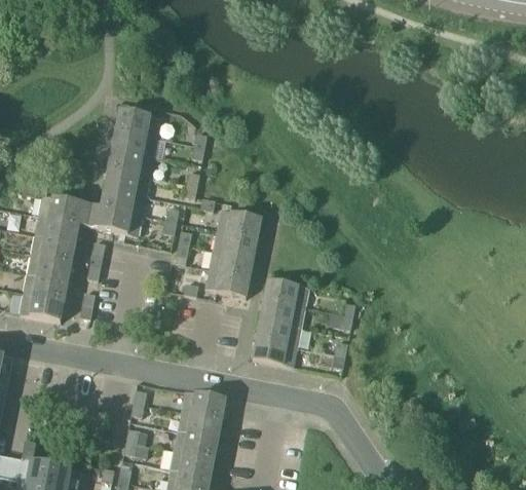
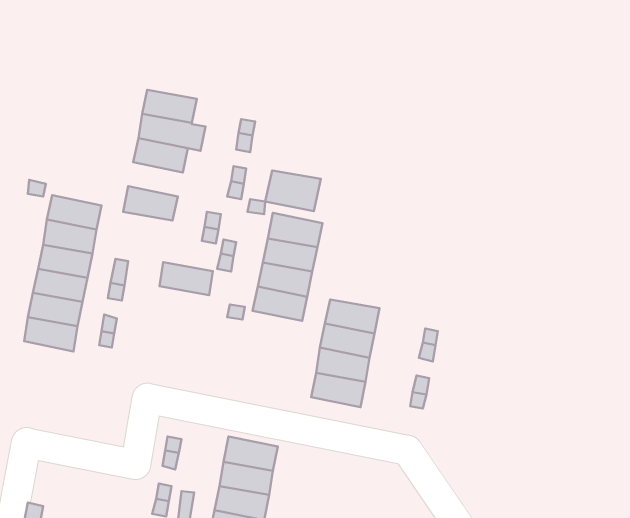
building: [104,167,148,195] -> none
building: none -> [265,171,321,211]
building: [97,208,140,234] -> [160,262,213,295]

